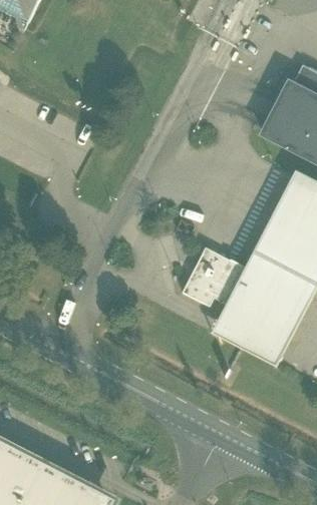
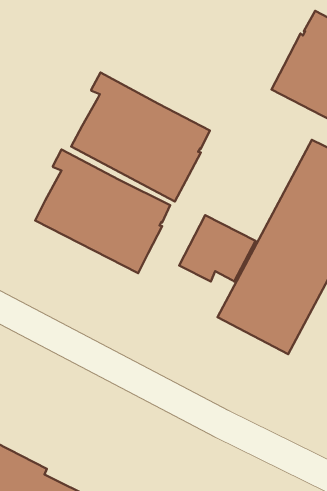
building: none -> [71,73,210,201]
building: none -> [35,150,170,273]

